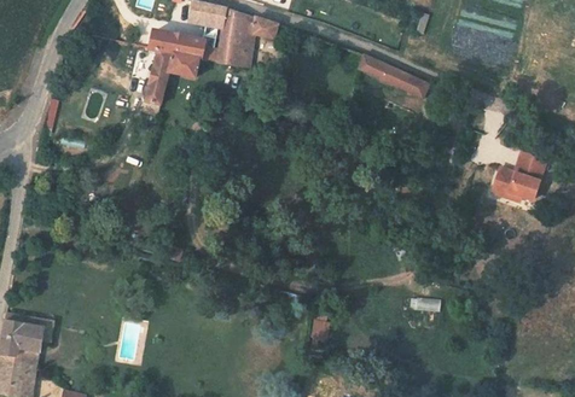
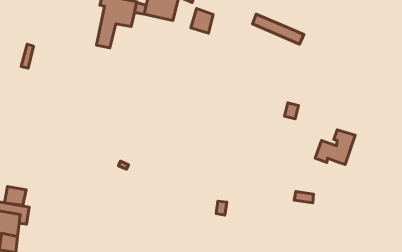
building: none -> [191,9,213,33]
building: [490,152,545,199] -> [315,130,355,164]
building: none -> [5,186,26,205]

